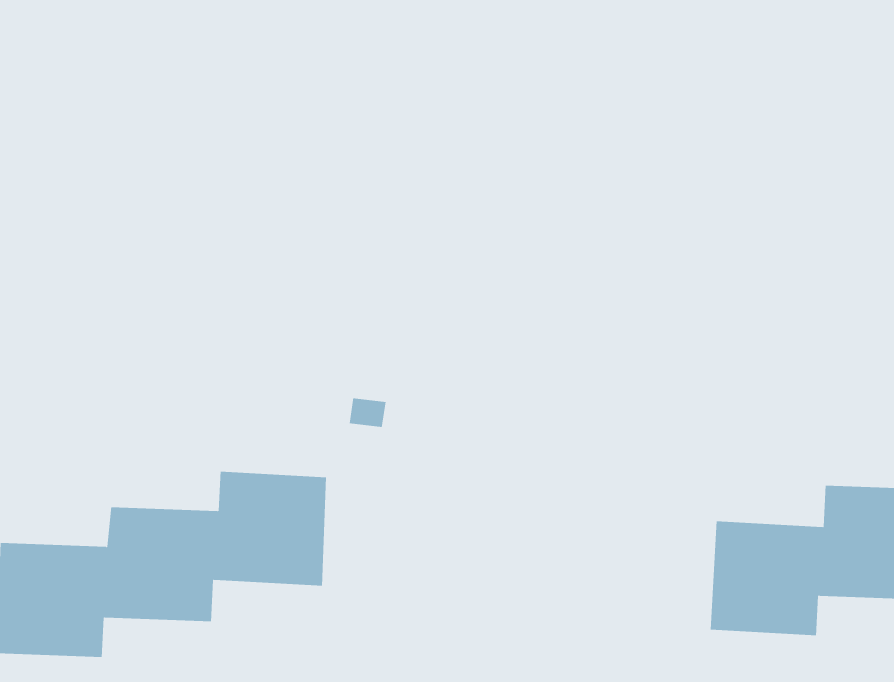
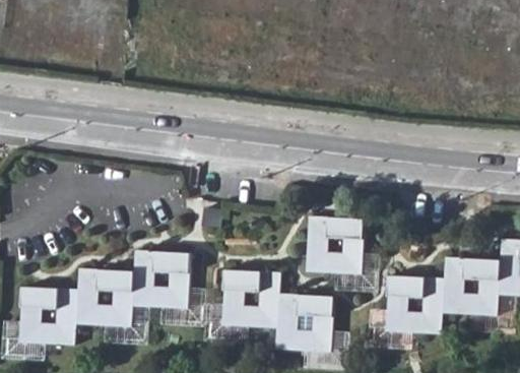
building: none -> [305,216,363,274]
building: none -> [221,269,333,352]

